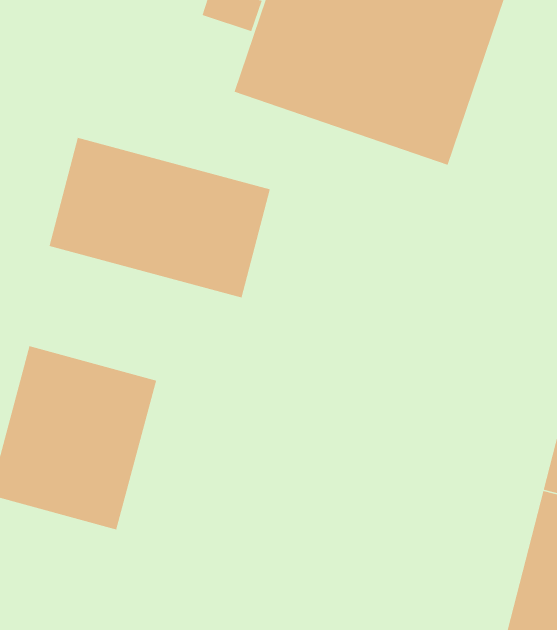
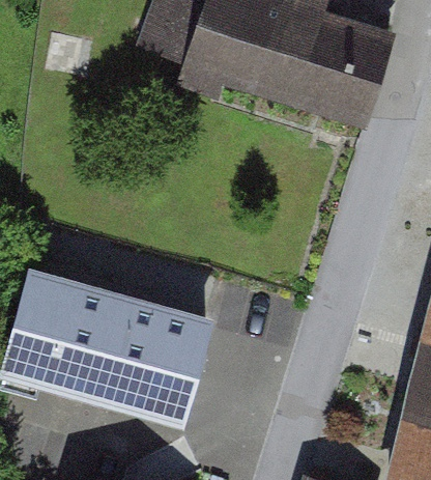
building: [48,137,271,299] -> none
building: none -> [96,290,223,428]

